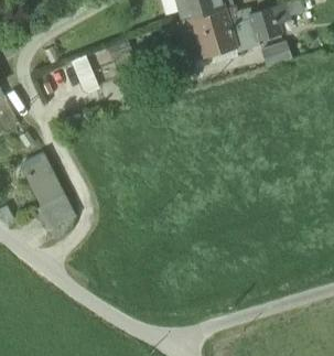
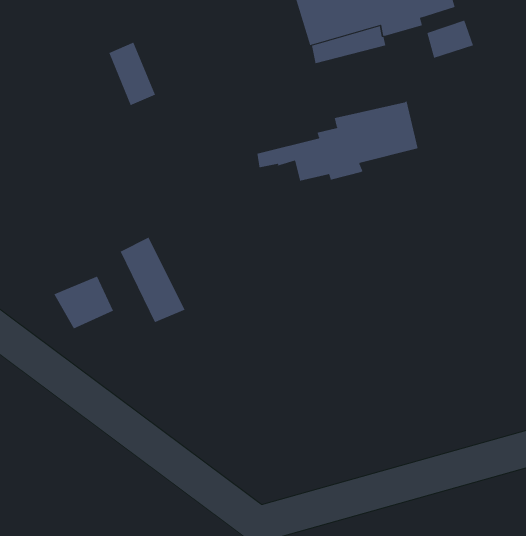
building: none -> [257,100,418,181]
building: [24,152,64,204] -> [120,237,186,323]

